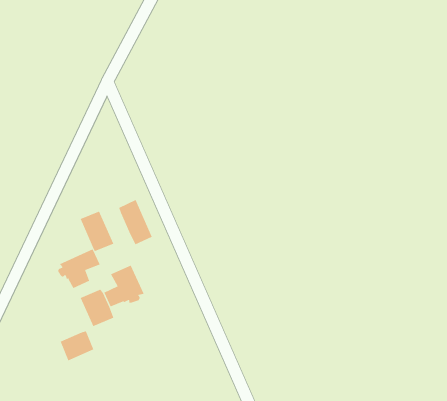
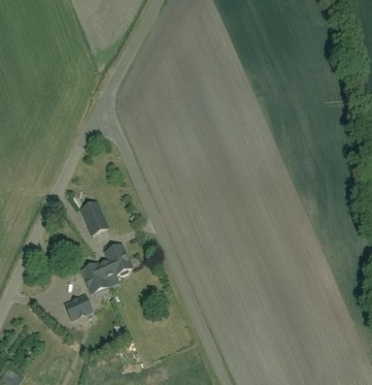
building: [119,199,152,245] -> none
building: [57,249,101,289] -> none

